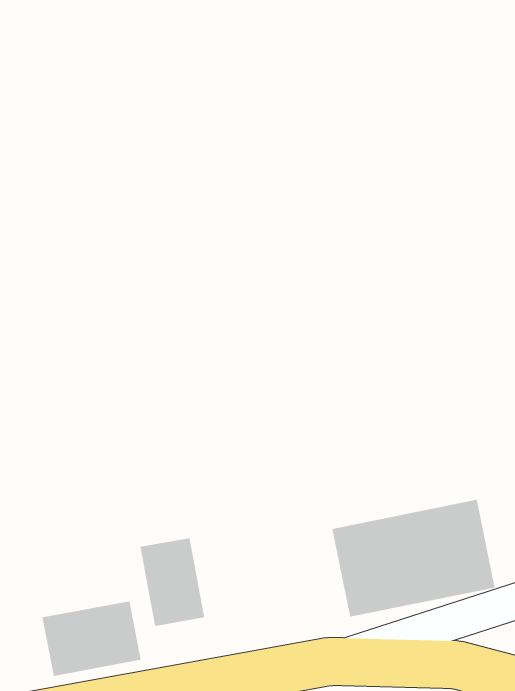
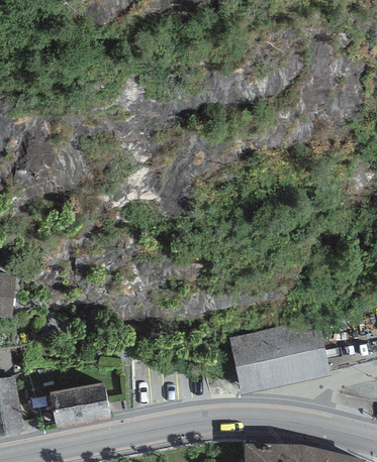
building: [140,538,205,627] -> none

